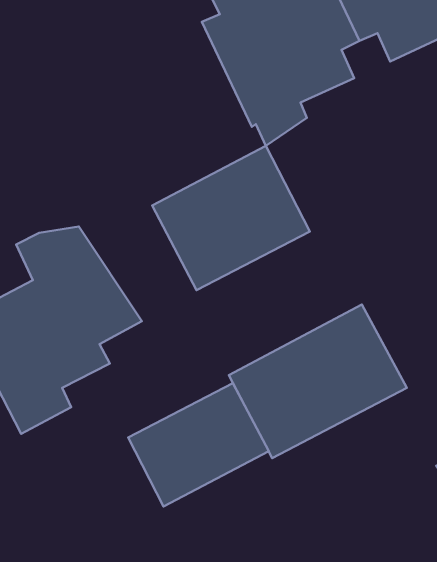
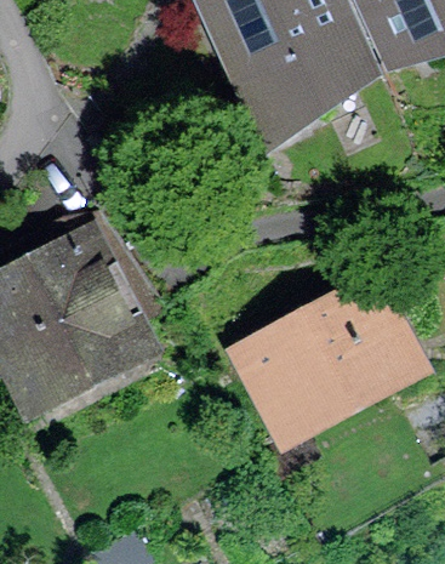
building: [152,146,310,290] -> none
building: [128,383,269,506] -> none

